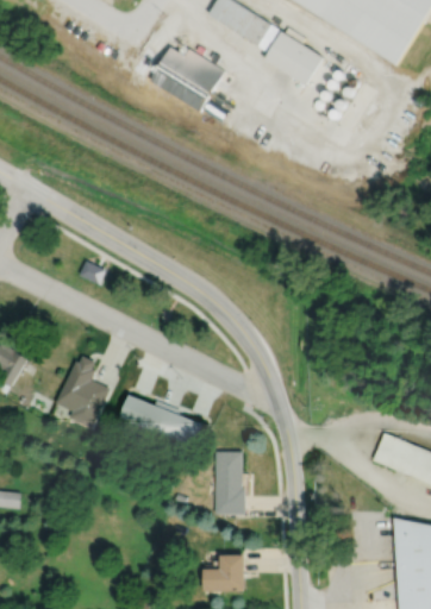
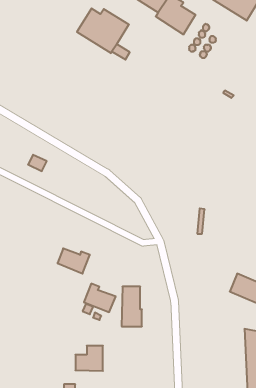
building: [54,356,110,429] -> none
building: [157,407,204,448] -> [84,284,116,312]
building: [204,552,244,589] -> [75,346,103,371]

